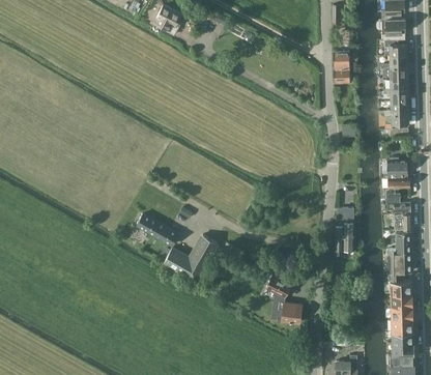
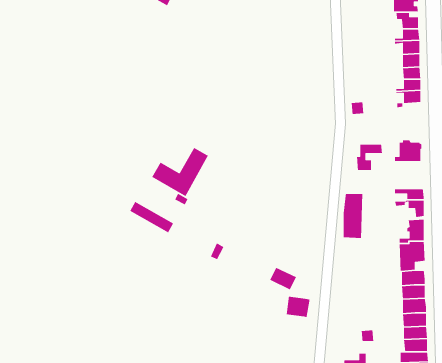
building: [334,51,350,83] -> none
building: [385,179,410,204] -> [356,144,383,171]
building: [164,235,218,282] -> [151,147,209,197]

